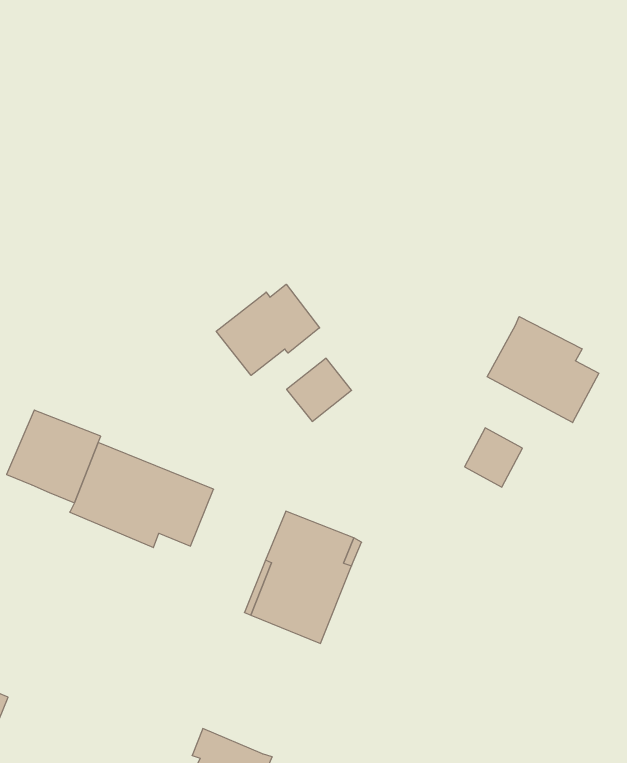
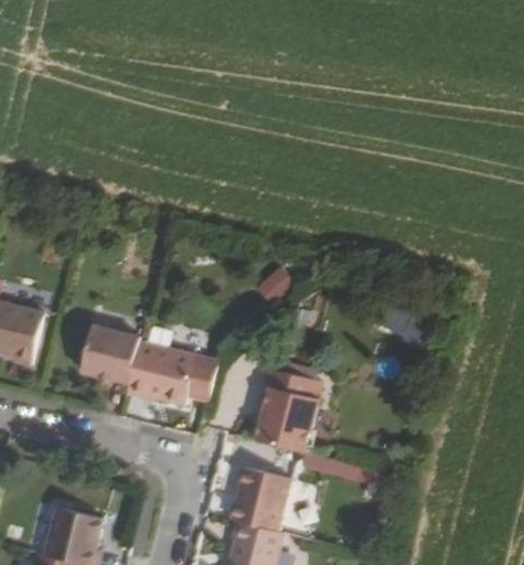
building: [216,284,320,375] -> none
building: [487,317,599,423] -> none
building: none -> [231,468,289,532]

